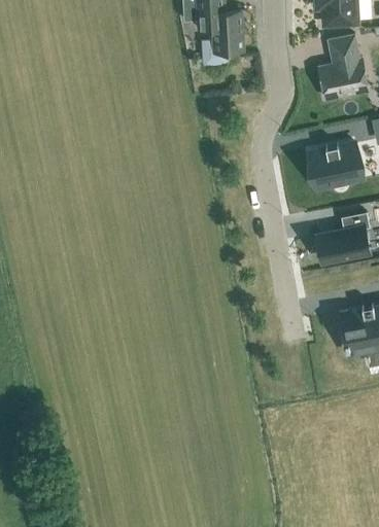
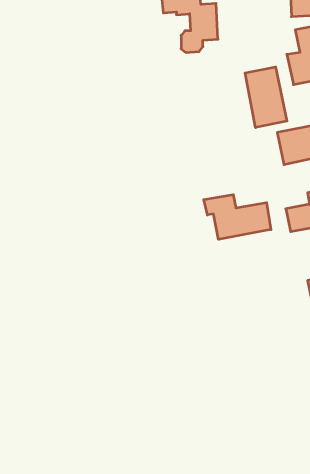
building: none -> [245,67,287,128]
building: none -> [204,195,271,239]

